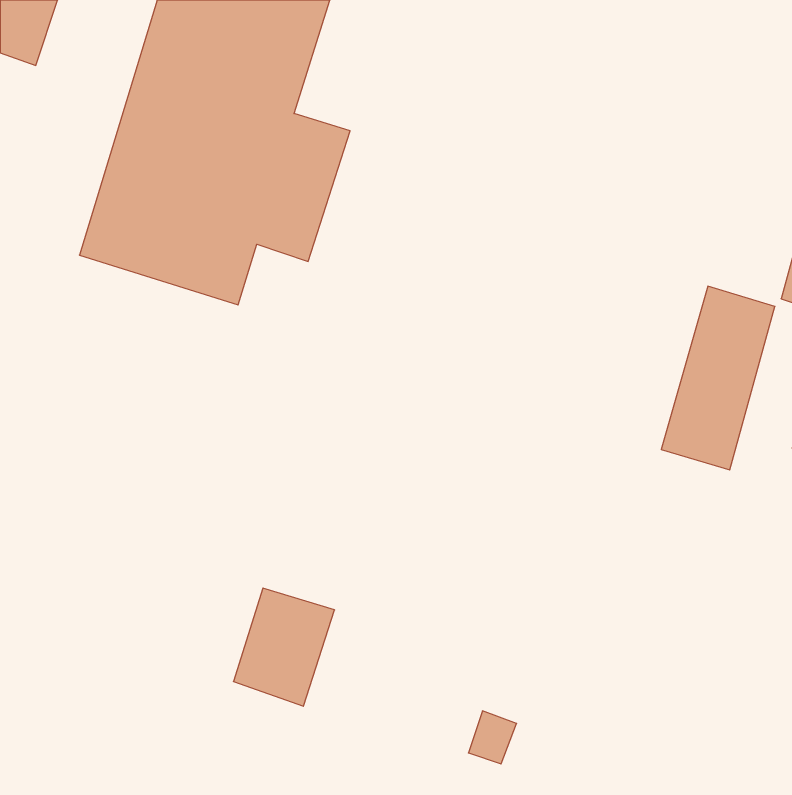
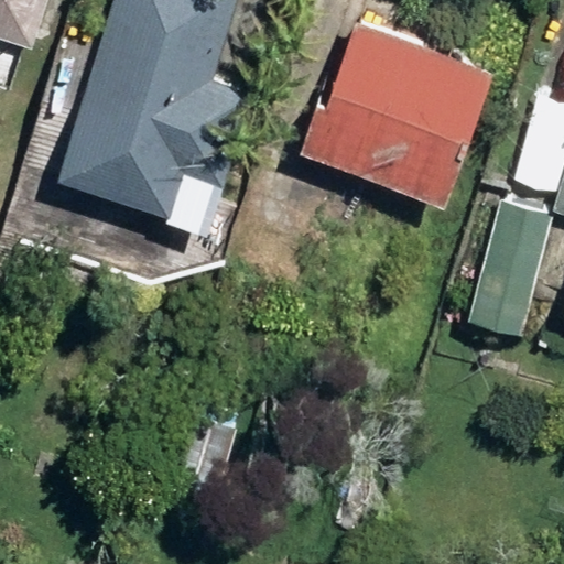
building: none -> [300,23,492,206]

